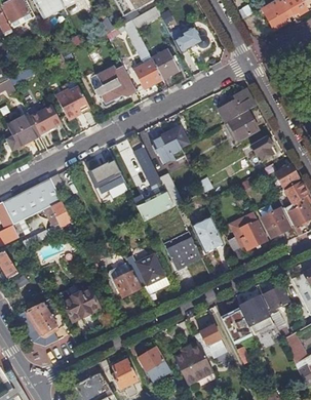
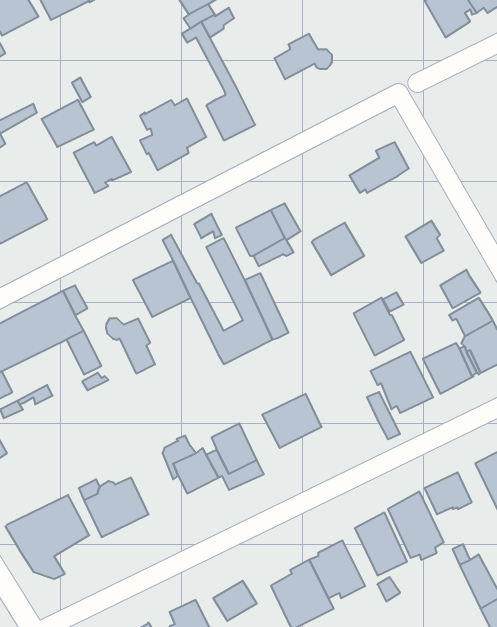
building: [152,48,180,79] -> none
building: [31,105,62,132] -> [41,100,94,147]
building: [228,109,259,139] -> [312,223,364,275]
building: none -> [106,318,155,374]
building: [194,218,224,252] -> [354,298,404,355]

